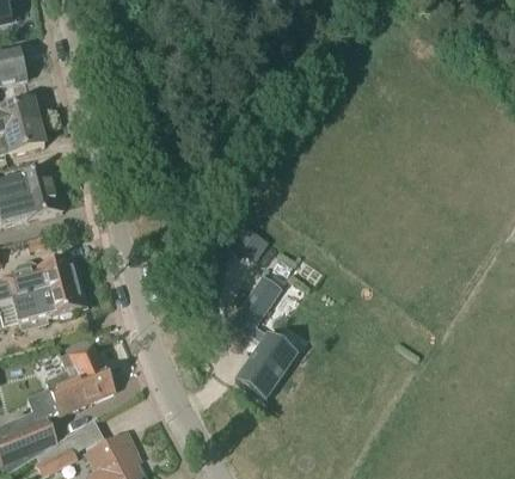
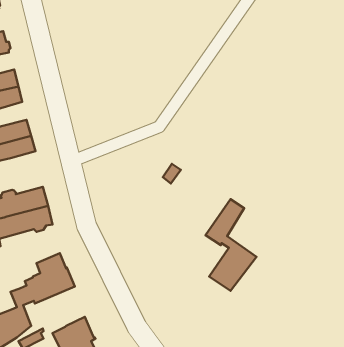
building: [231,274,299,395] -> [206,199,257,291]
building: [37,413,103,460] -> none

